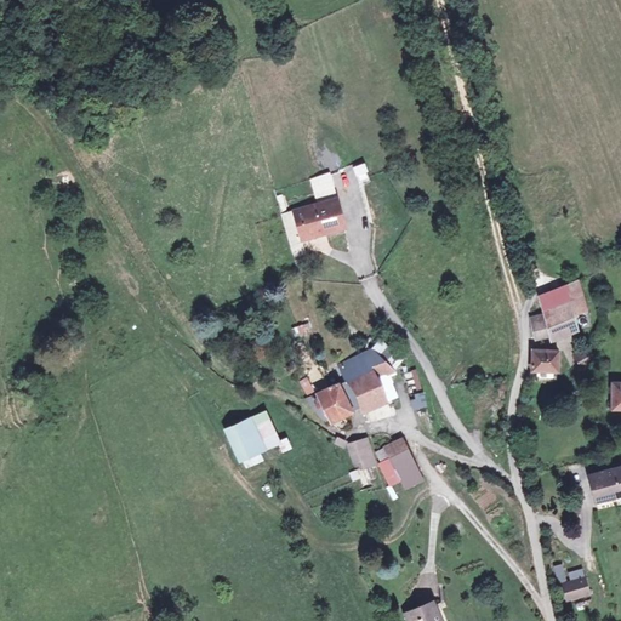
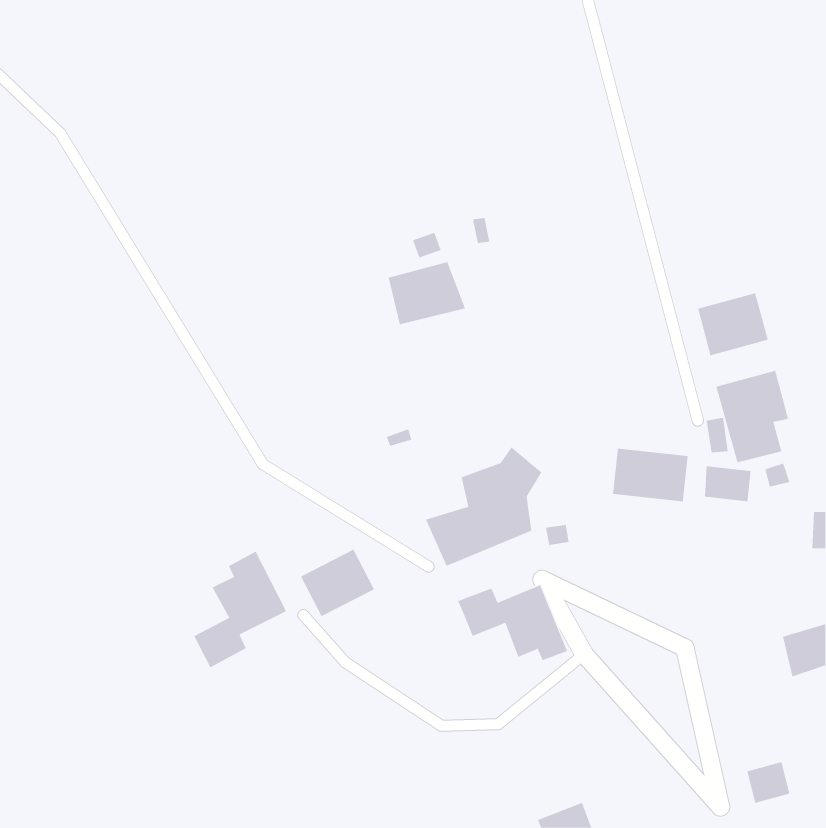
building: none -> [697,292,768,356]
building: none -> [612,448,688,502]
building: none -> [193,551,287,668]

